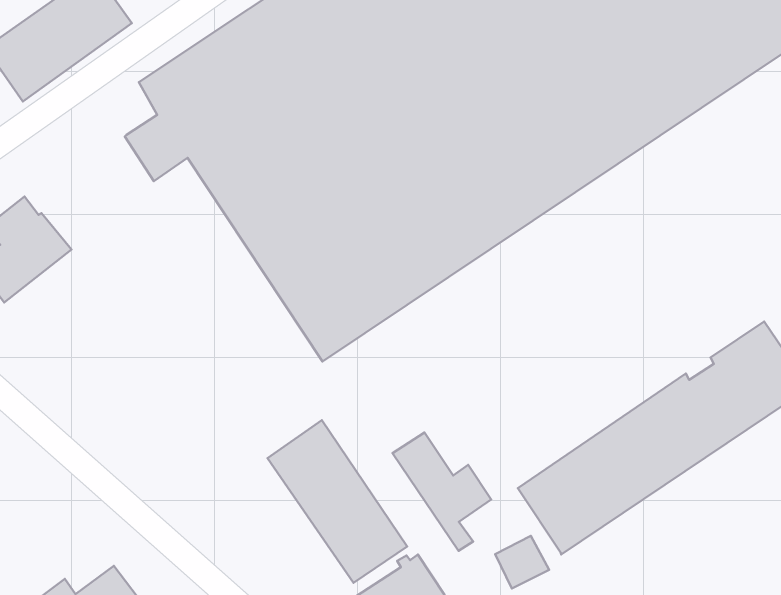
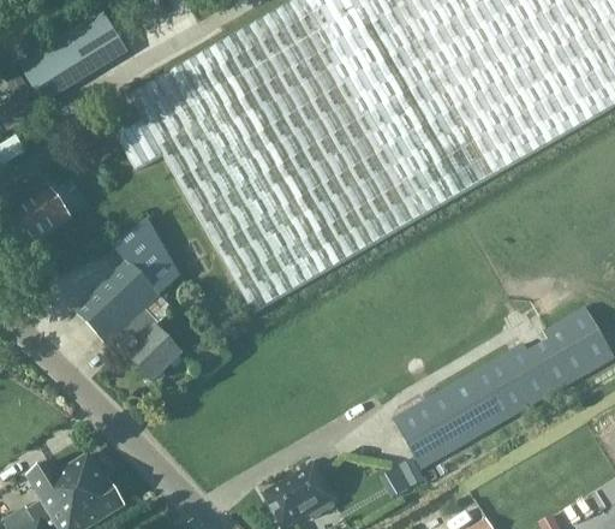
building: none -> [74,218,184,381]
building: [268,420,407,583] -> none
building: [393,432,491,551] -> none

